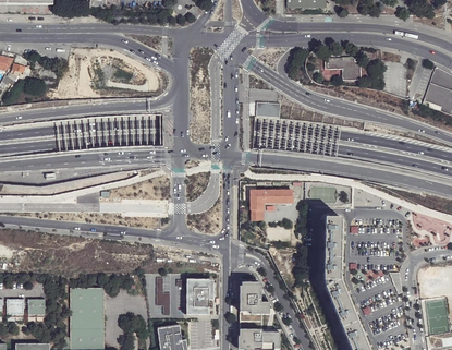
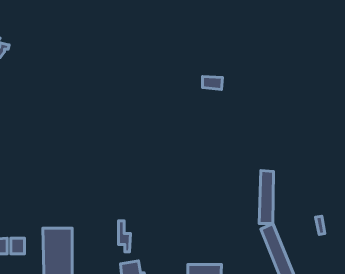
building: [325,56,361,80] -> none
building: [252,191,293,220] -> none
building: [186,278,213,313] -> none
building: [239,281,269,313] -> none

